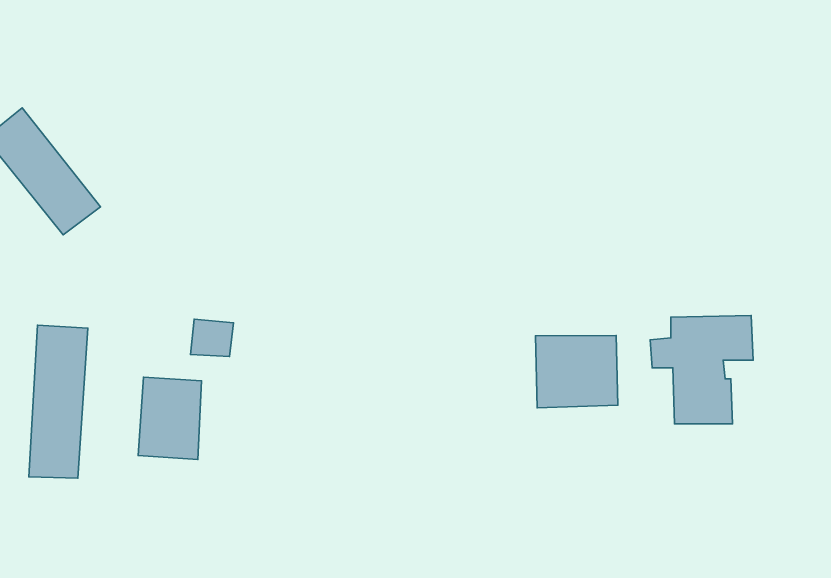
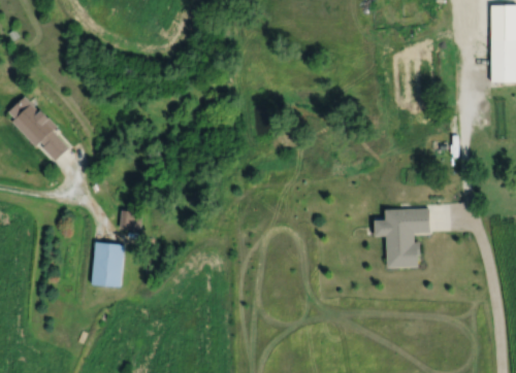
building: [29,325,88,478] -> none
building: [536,335,618,408] -> none

